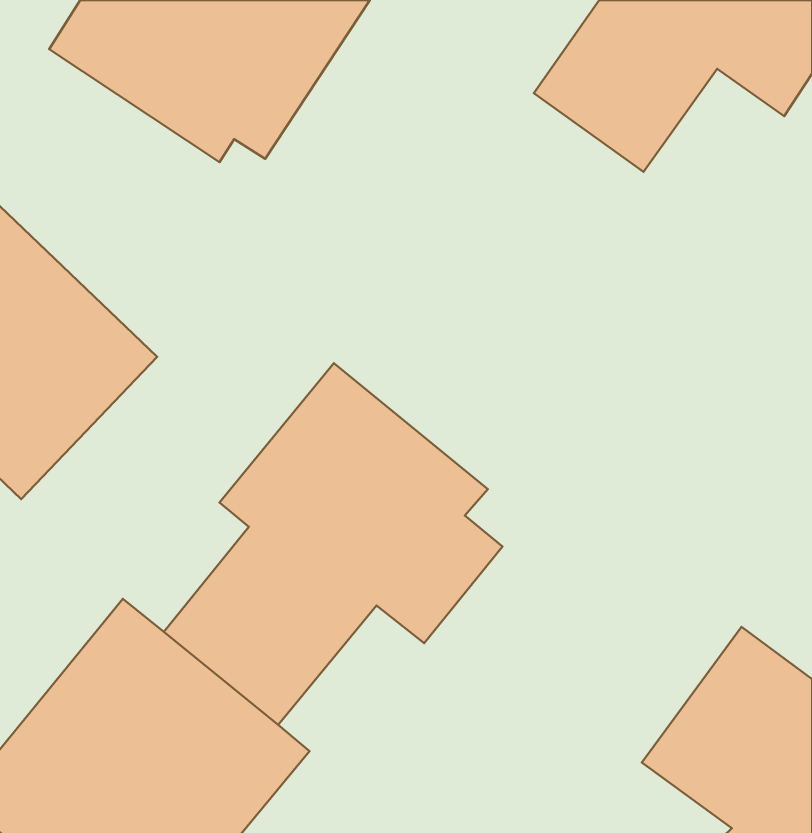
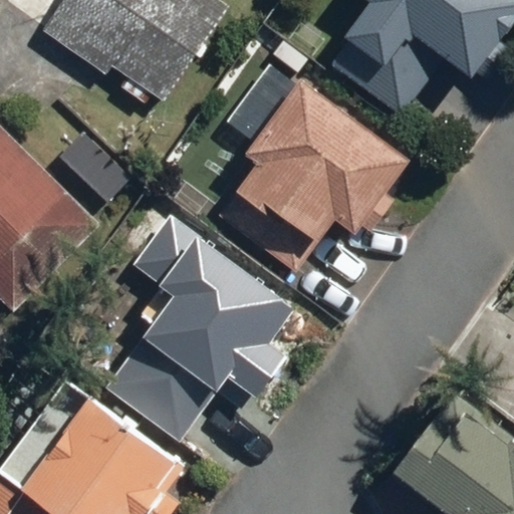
building: none -> [225,67,418,265]

